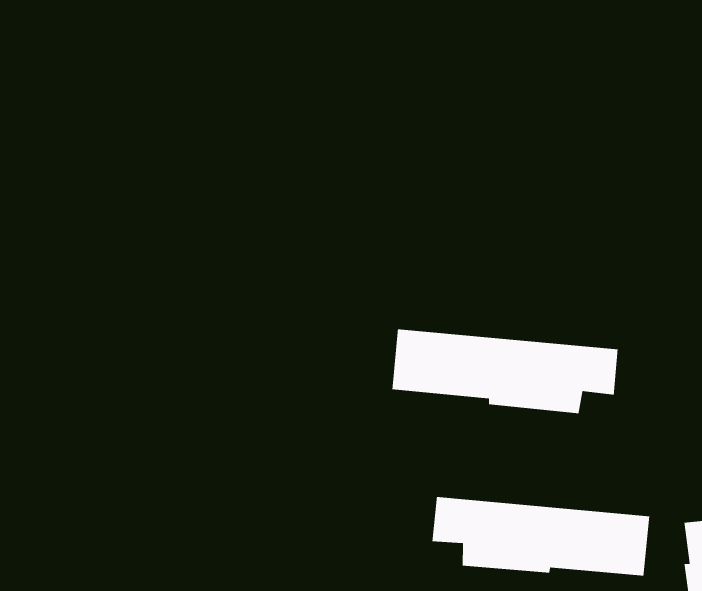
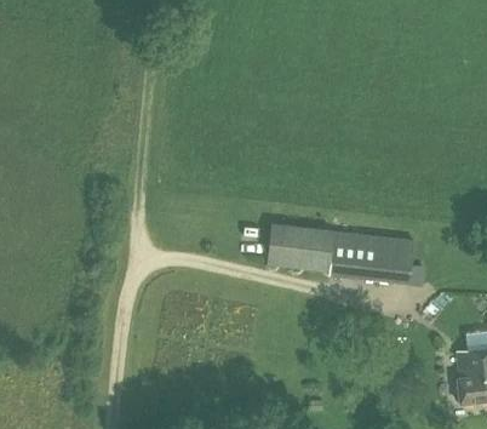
building: [432,496,650,576] -> none

